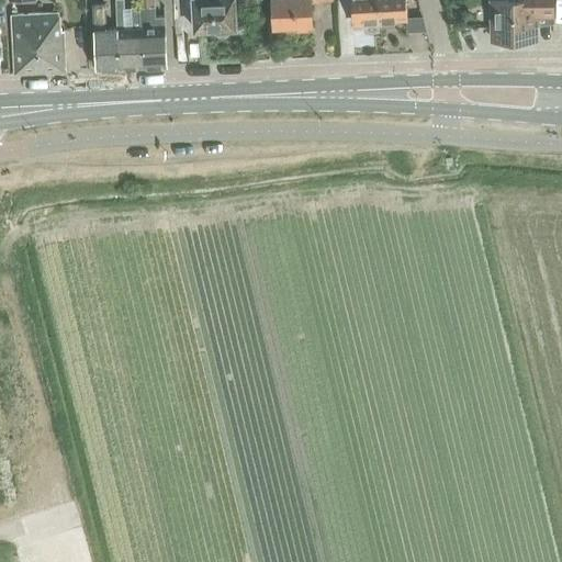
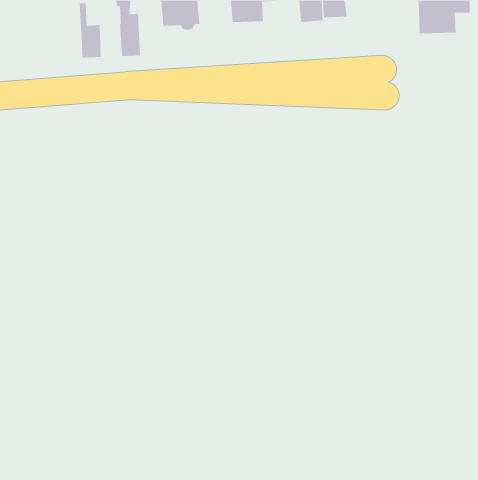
building: [116,8,142,67] -> none
building: [12,10,65,72] -> none

